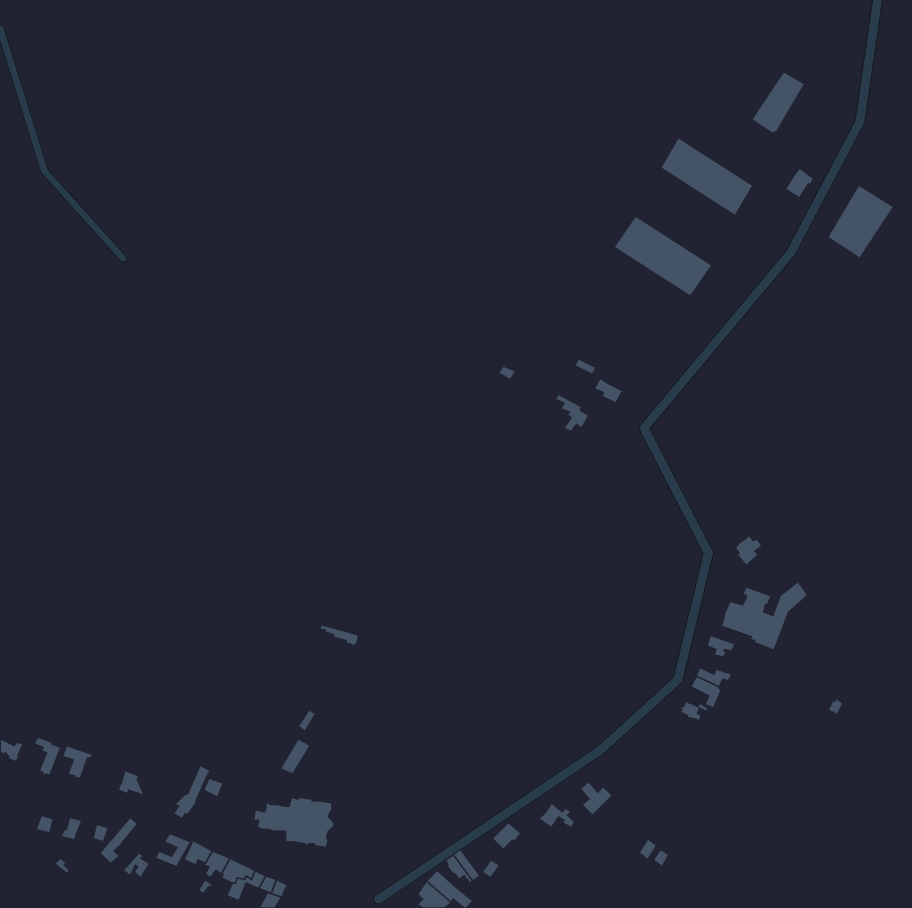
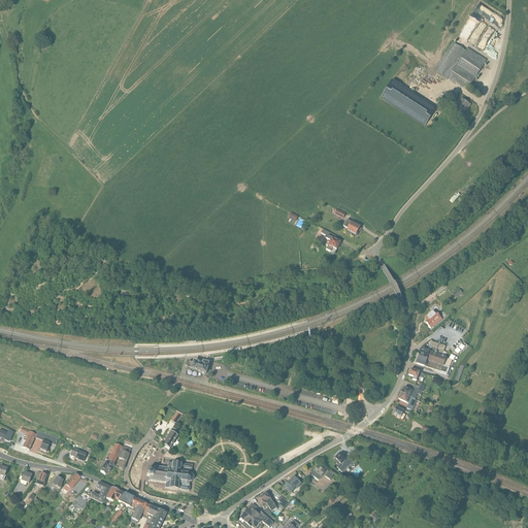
building: [828,185,894,259] -> [449,46,487,89]
building: [614,216,712,296] -> none

